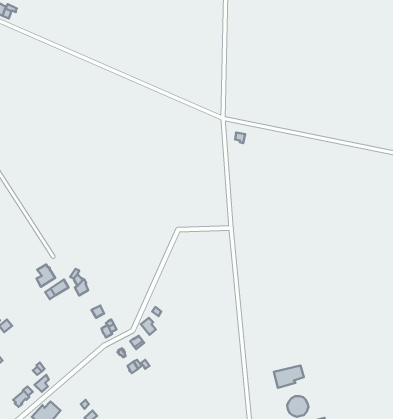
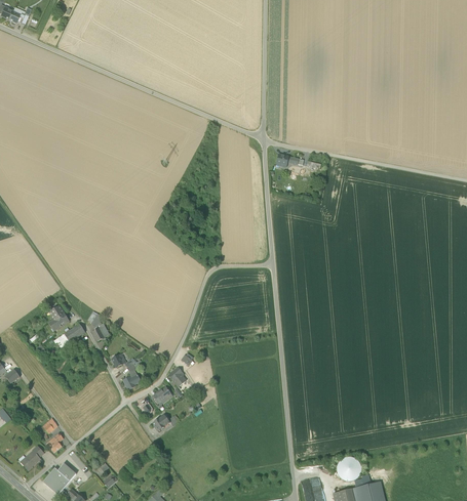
building: [274,366,304,388] -> none

